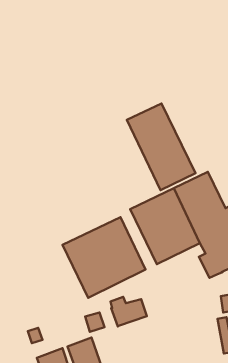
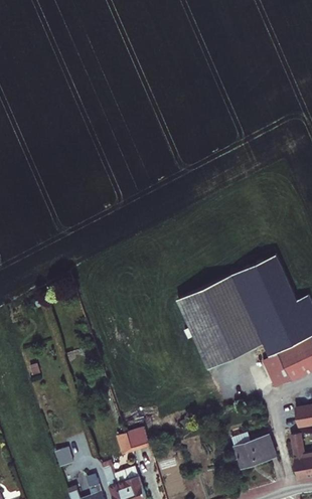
building: [127,104,196,190] -> none
building: [63,217,145,298] -> none
building: [110,297,147,327] -> [228,434,274,471]

